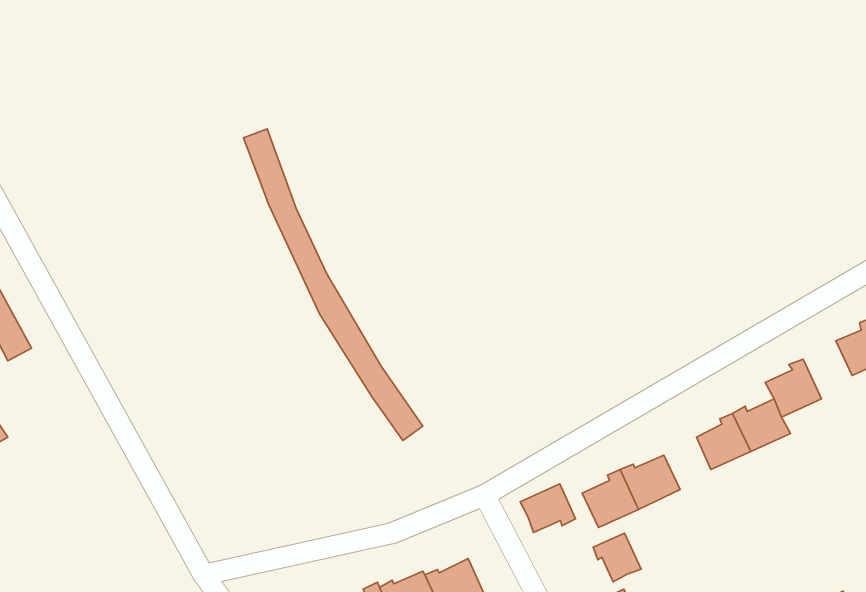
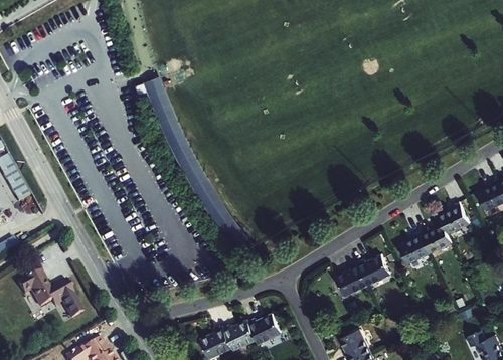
building: [520,484,576,533] -> none
building: none -> [16,273,72,309]
building: [593,533,641,582] -> none

